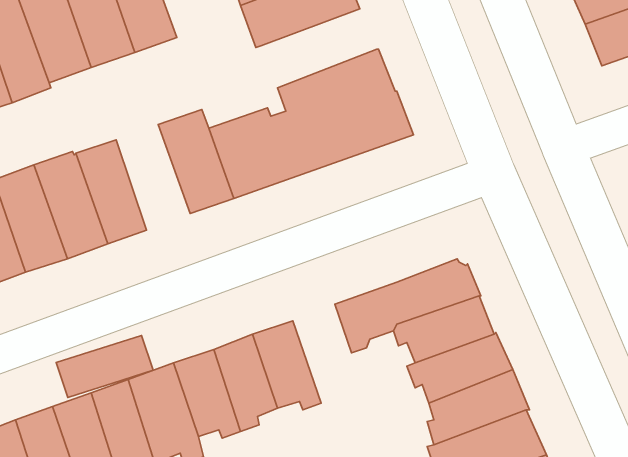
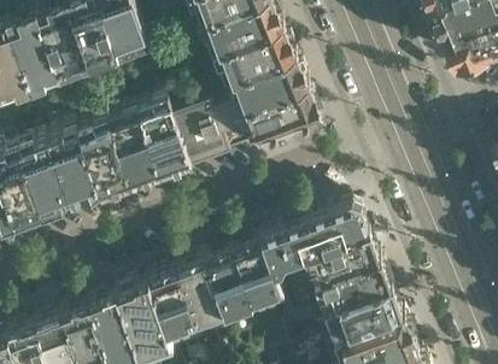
building: none -> [211,29,294,86]
building: none -> [107,112,160,188]
building: none -> [234,241,283,312]
building: [56,335,153,397] -> none

